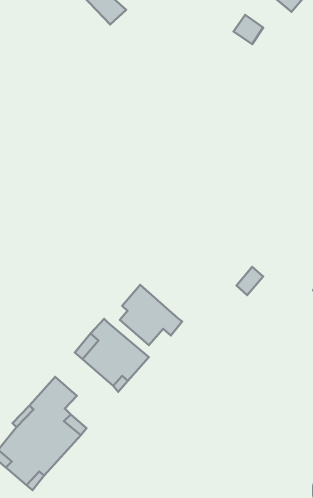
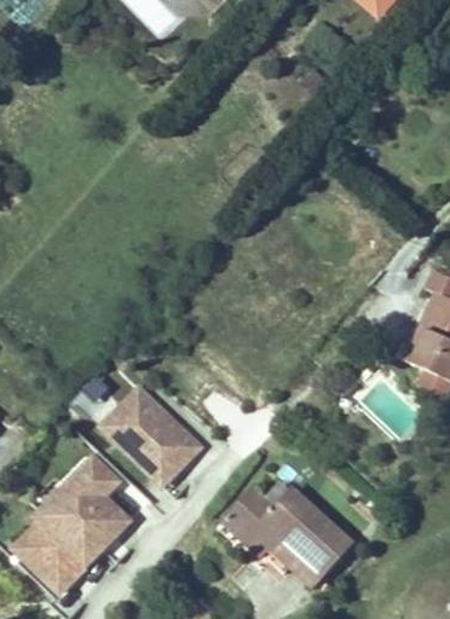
building: [120,285,182,345] -> none
building: none -> [225,486,351,582]

